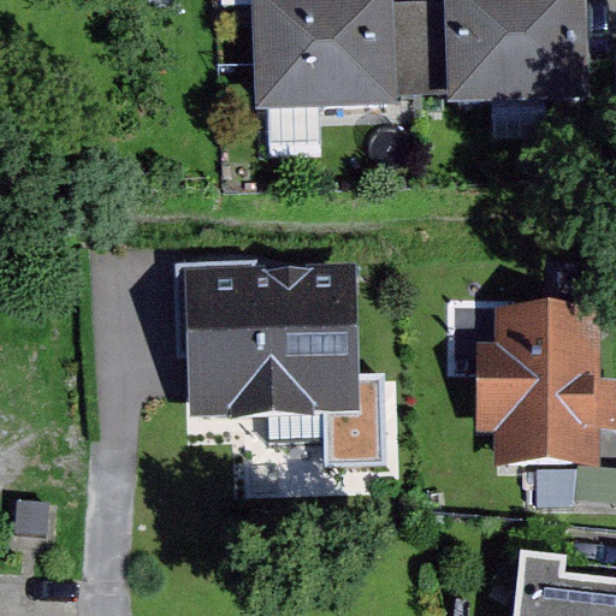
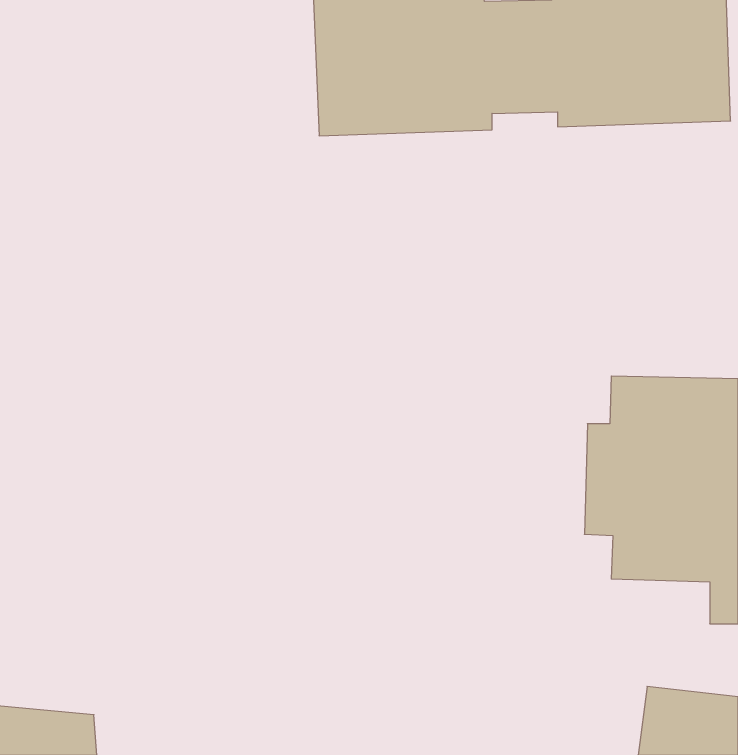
building: [184,267,357,416] -> none

